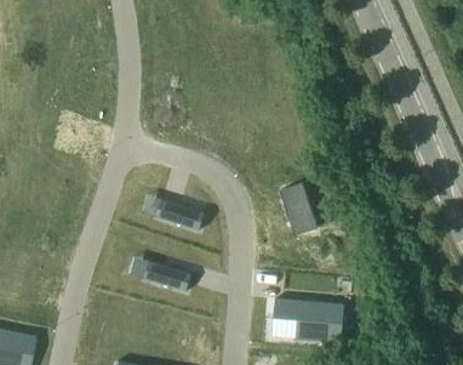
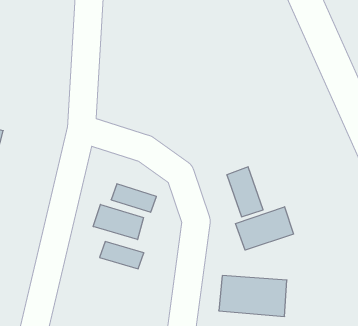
building: none -> [93,204,143,240]
building: none -> [235,207,293,250]

